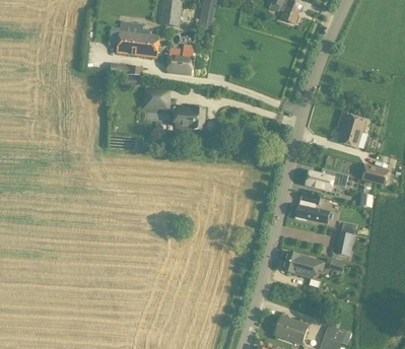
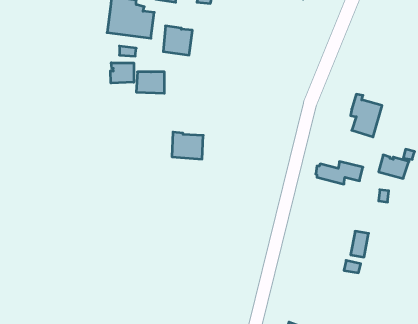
building: none -> [111,63,134,83]
building: [175,104,203,129] -> [172,132,203,159]
building: [294,192,328,222] -> none
building: [283,251,324,277] -> none

